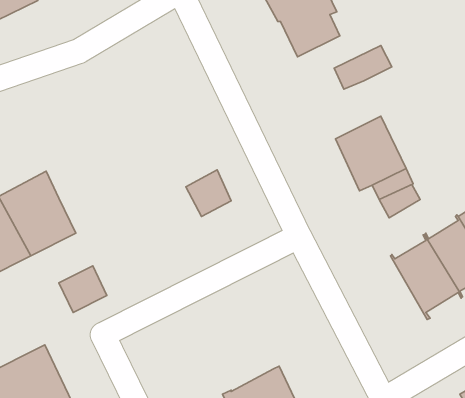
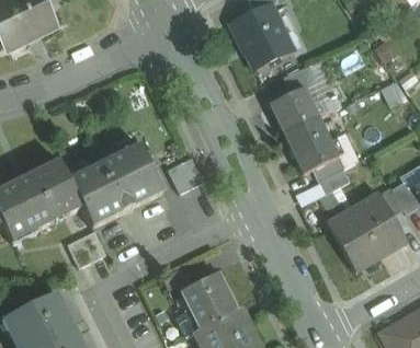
building: none -> [270,88,319,132]
building: none -> [69,144,163,227]
building: none -> [184,274,236,328]

